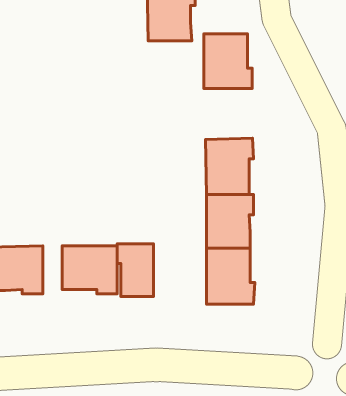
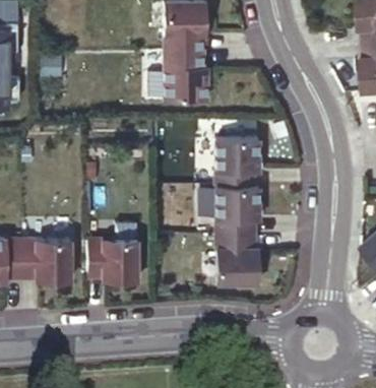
building: [204,34,252,89] -> [165,54,207,103]
building: [117,244,154,297] -> none

